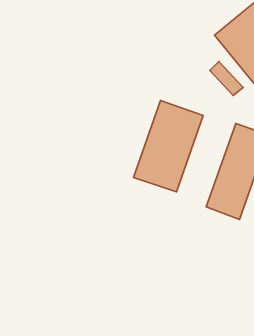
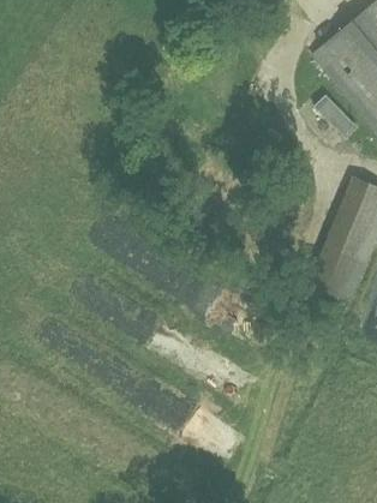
building: [134,100,203,192] -> none

